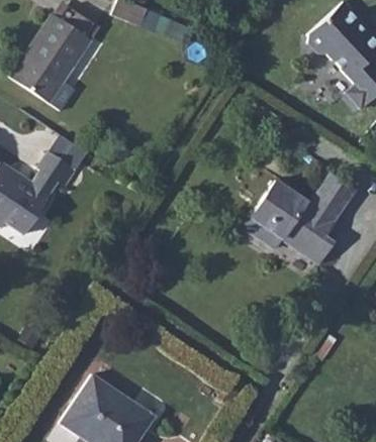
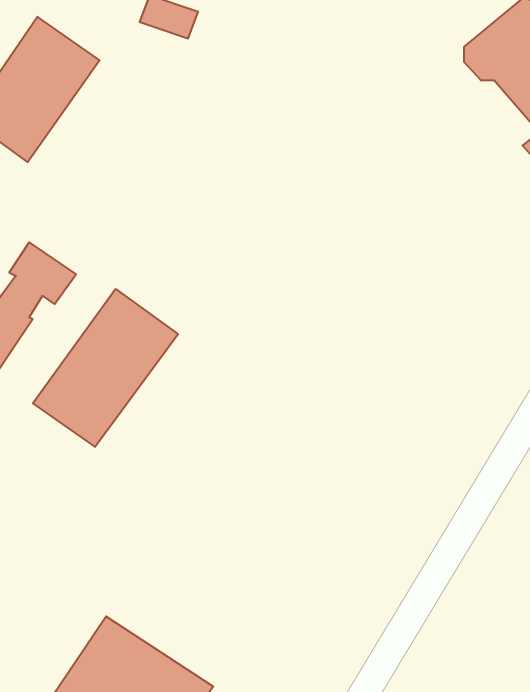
building: [242,176,343,260] -> none
building: none -> [33,289,178,447]

